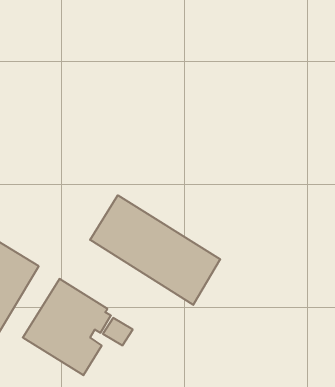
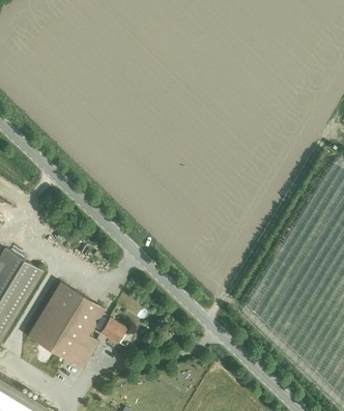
building: [90,195,220,305] -> none

